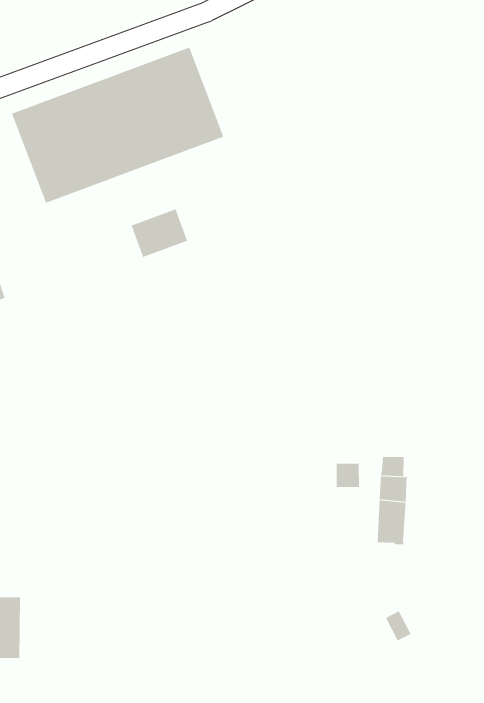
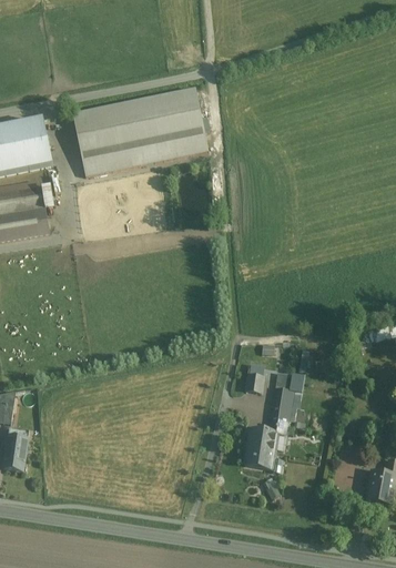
building: [131,208,188,258] -> none
building: none -> [243,427,277,469]

